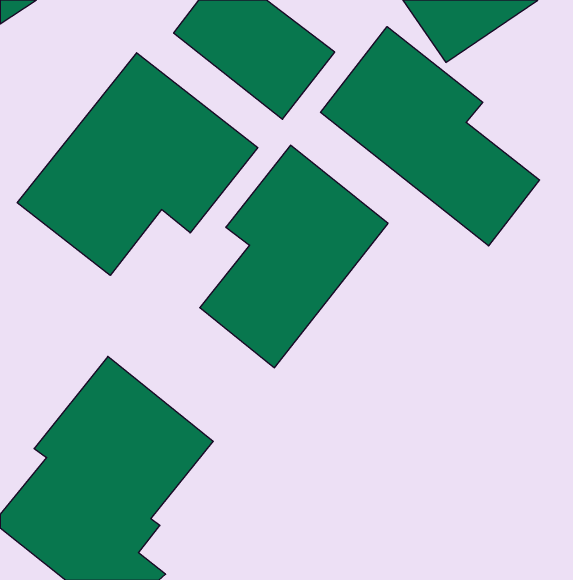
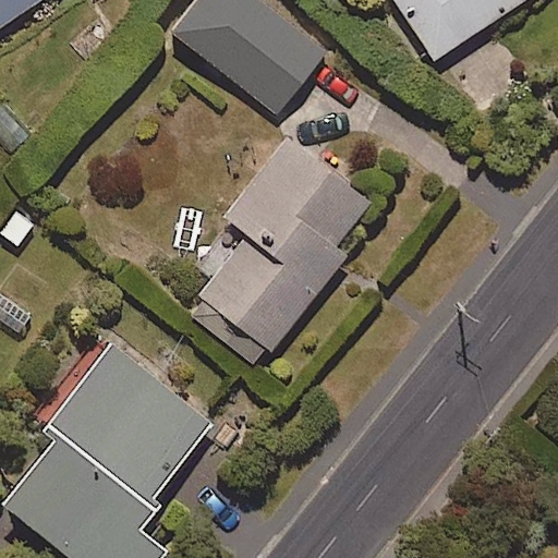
building: [321,27,540,246] -> none
building: [17,53,258,275] -> none

